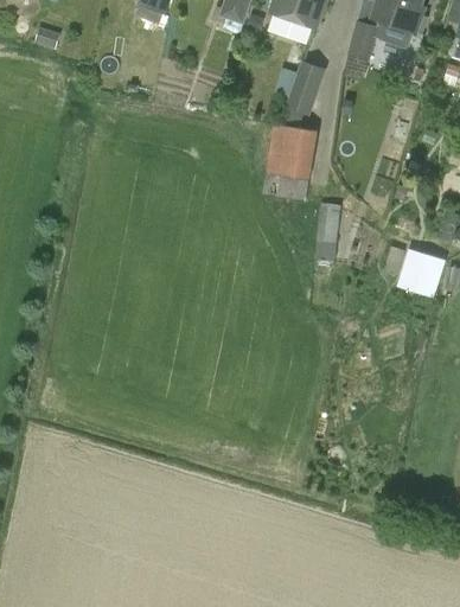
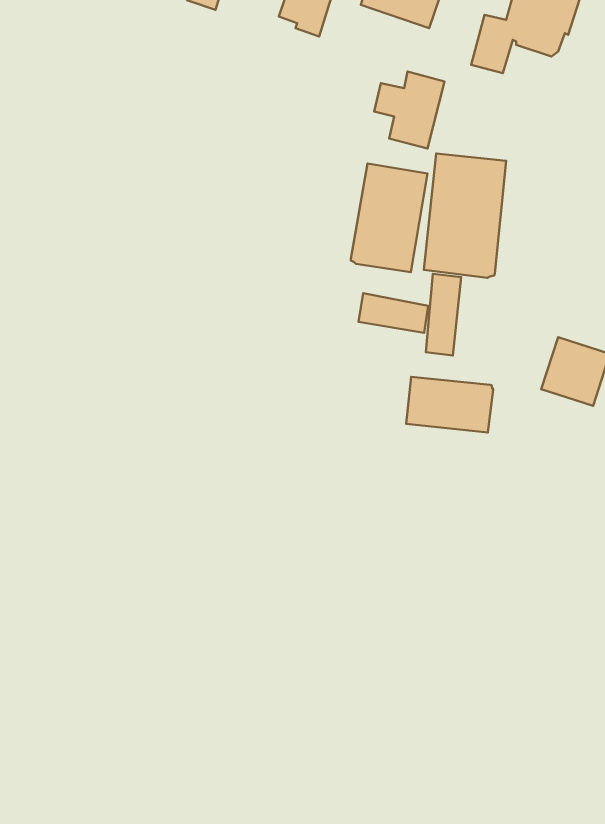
building: none -> [424,153,506,278]
building: none -> [359,293,428,333]
building: none -> [406,377,493,432]

